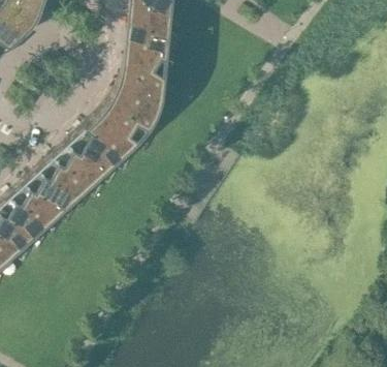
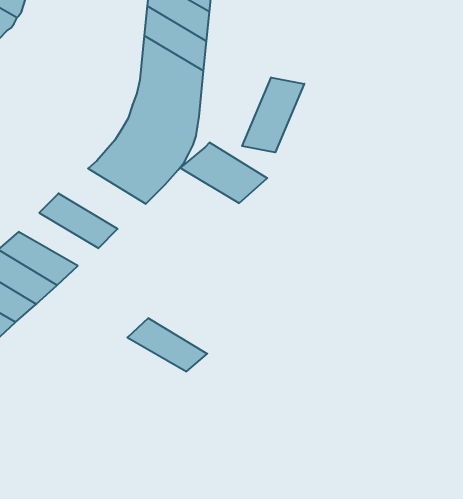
building: none -> [242,77,304,152]
building: [66,125,127,167] -> [180,143,267,203]
building: [38,156,94,193] -> [127,318,207,371]

